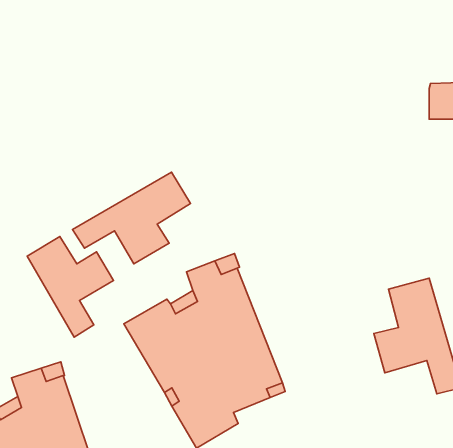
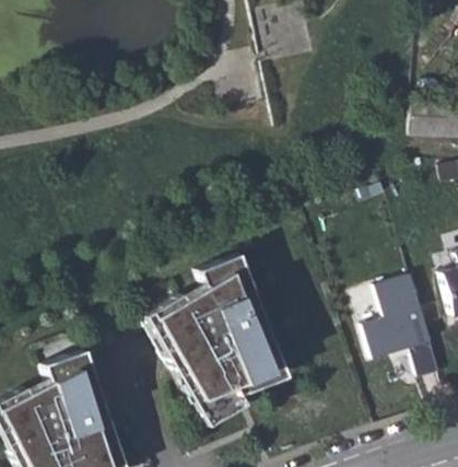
building: [72,172,191,264] -> none
building: [27,237,114,337] -> none

